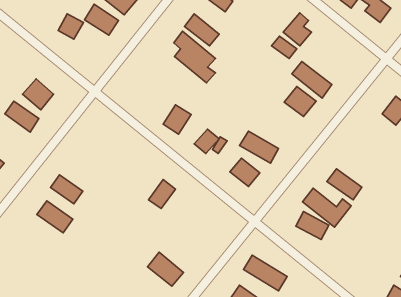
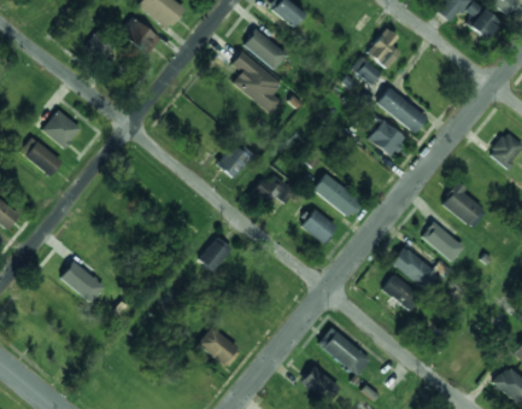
building: none -> [441,185,488,228]
building: [51,175,83,204] -> none

